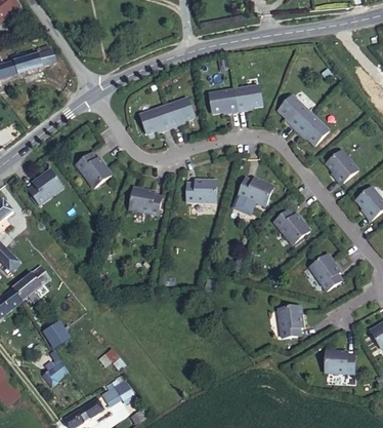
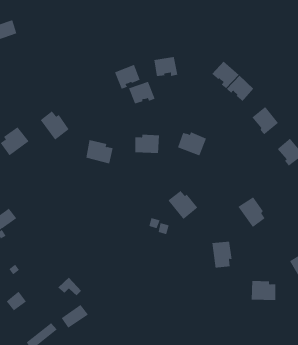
building: [236,83,263,110] -> none
building: [141,107,173,133] -> [128,81,155,104]
building: [273,207,309,242] -> [168,190,198,220]

